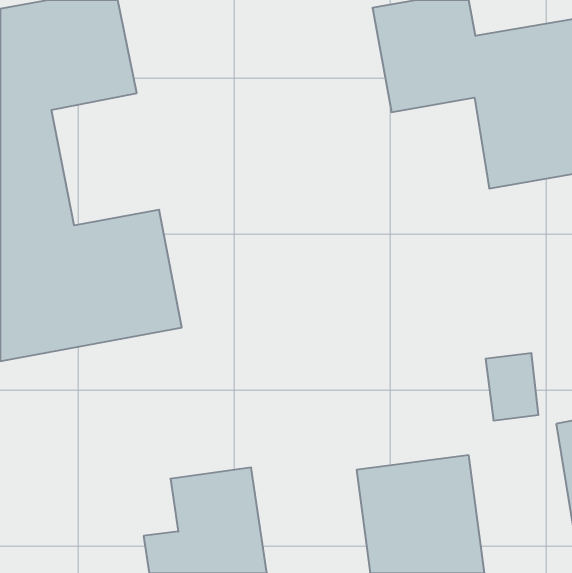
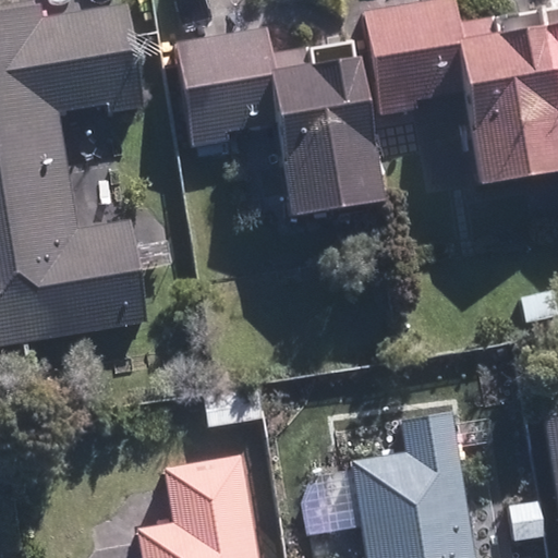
building: none -> [173,22,383,216]

